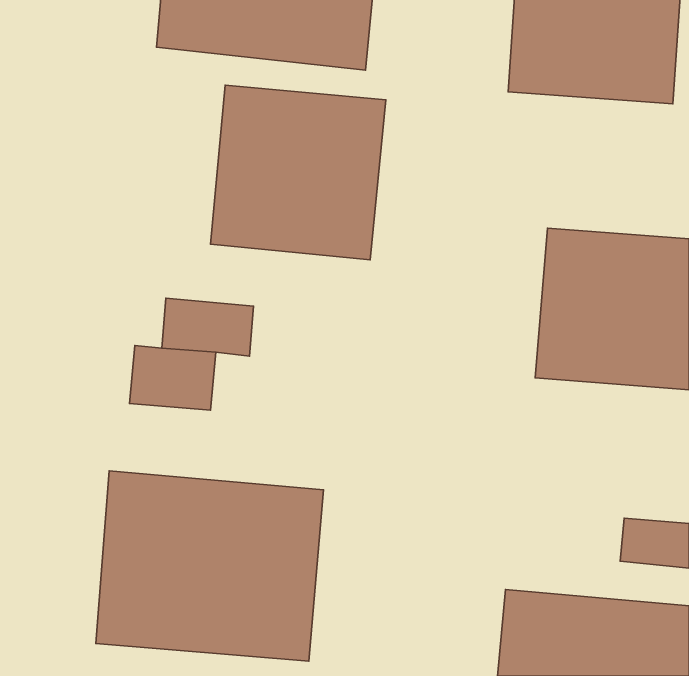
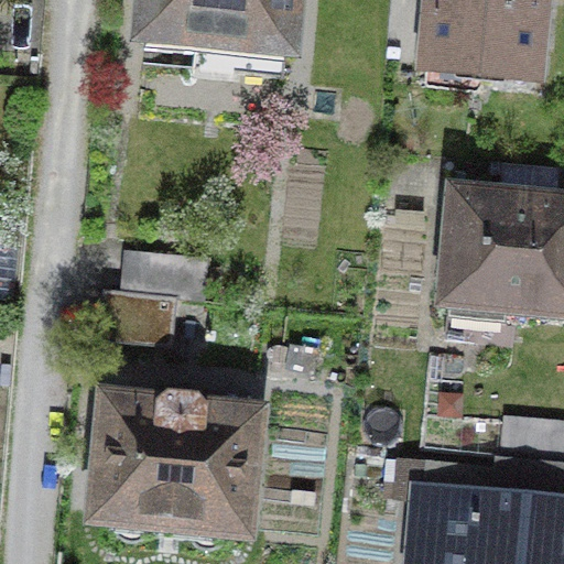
building: [210,85,386,260] -> none

